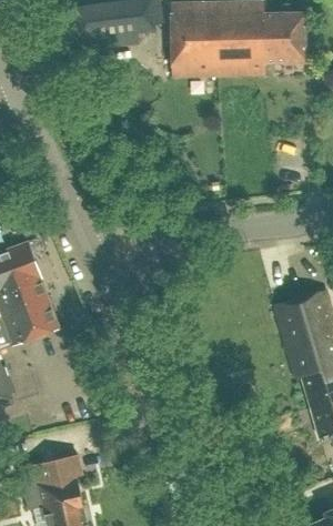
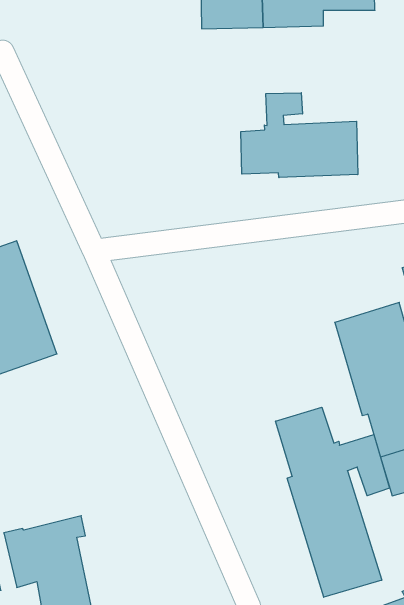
building: none -> [241,93,358,178]
building: none -> [276,407,390,597]

